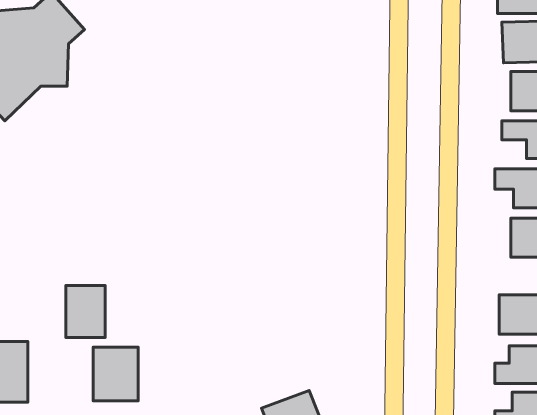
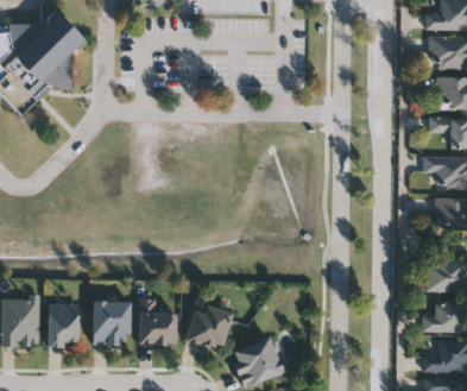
building: [66,285,105,338] -> [49,304,81,347]
building: none -> [188,302,234,351]
building: none -> [140,311,178,346]

